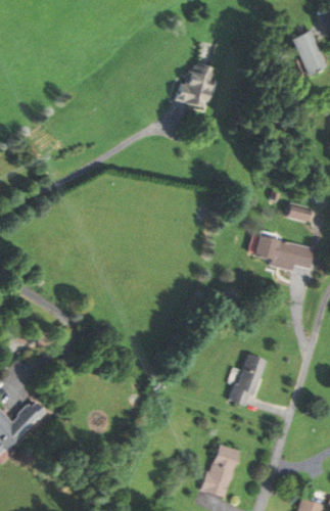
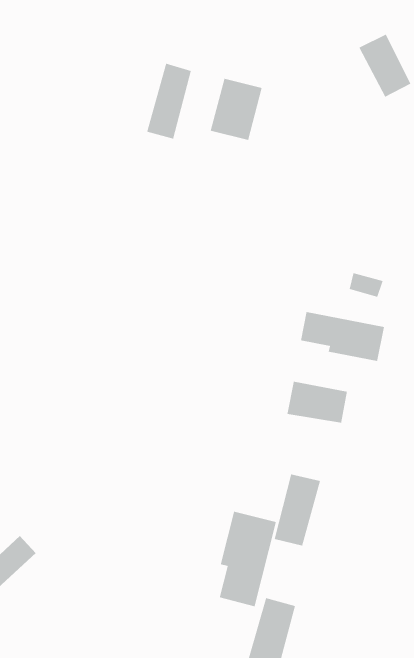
building: none -> [146,63,192,139]
building: none -> [287,381,348,423]
building: none -> [219,511,277,607]

